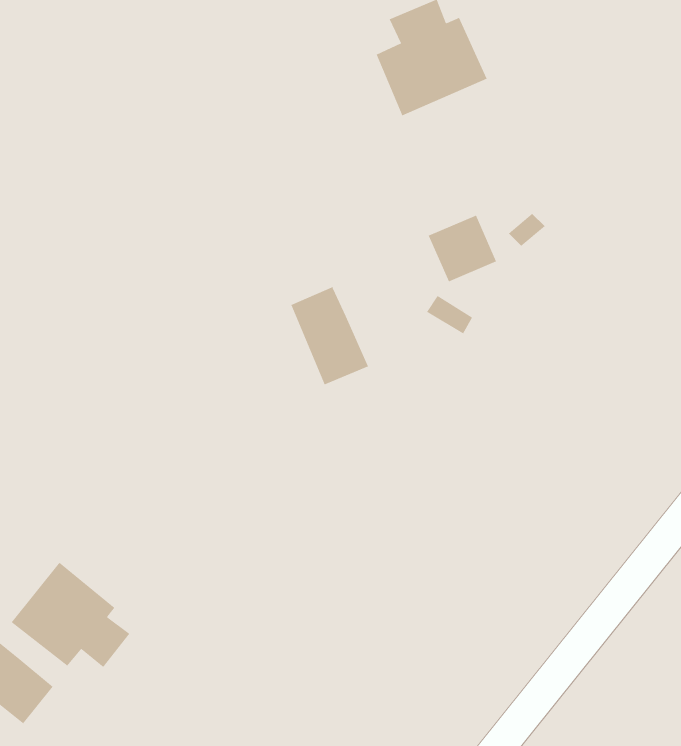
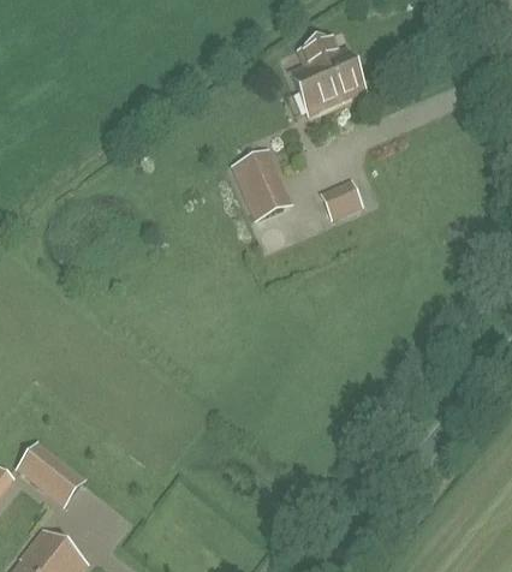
building: [291,286,369,385] -> [233,154,284,218]
building: [11,562,130,668] -> none

